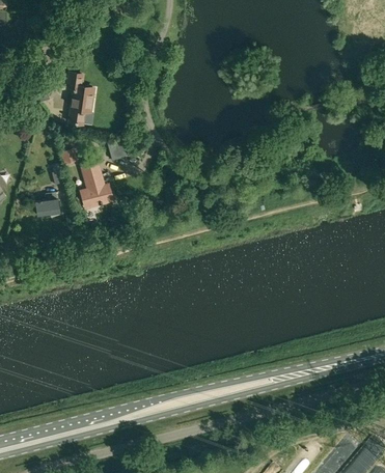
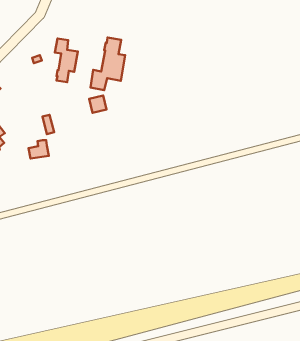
building: none -> [90,37,125,90]
building: [82,163,112,205] -> none

